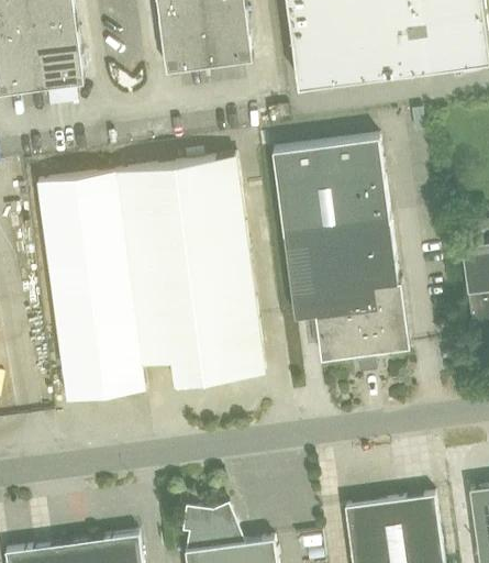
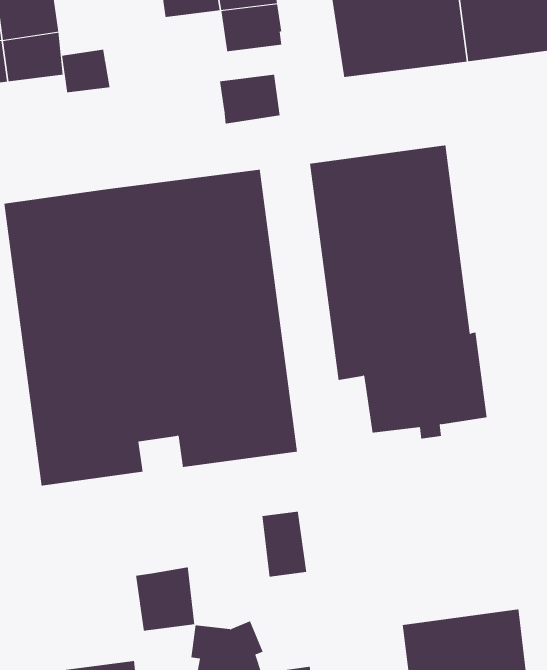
building: [162,34,209,73] -> [219,74,280,124]
building: none -> [61,49,110,93]
building: none -> [262,511,307,578]
building: none -> [136,567,195,631]

